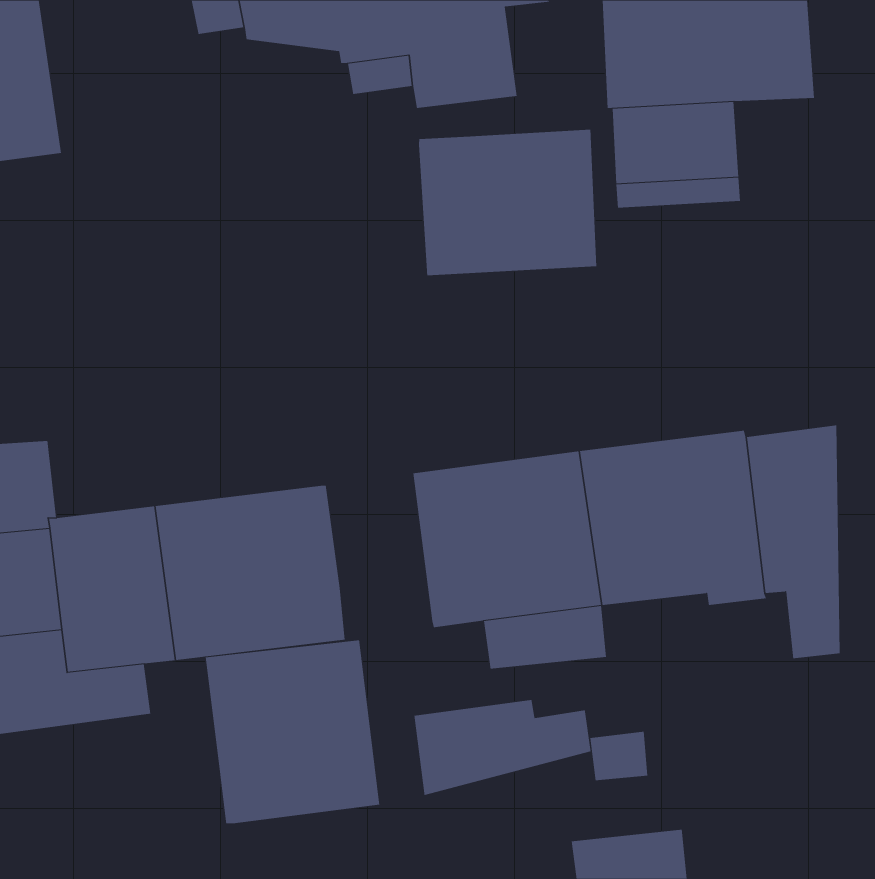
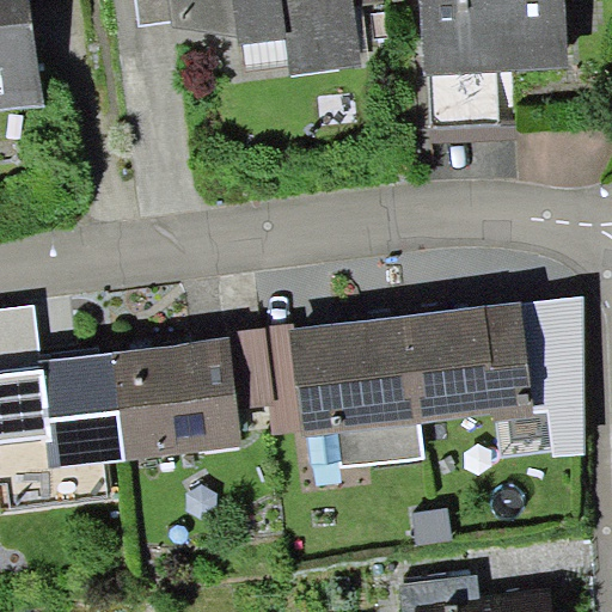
building: [418,129,597,276] -> none
building: none -> [225,324,300,434]
building: [205,640,380,824] -> none
building: [414,699,591,796] -> none

